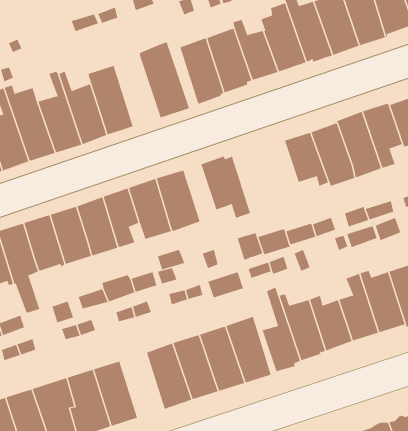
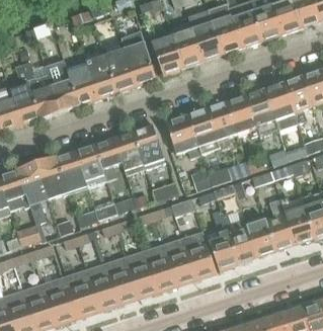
building: none -> [102,42,136,93]
building: none -> [188,103,236,156]
building: none -> [106,257,139,305]

